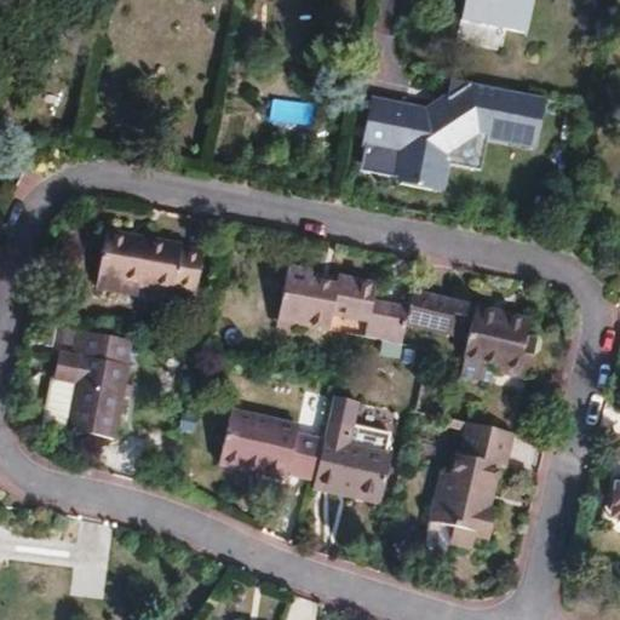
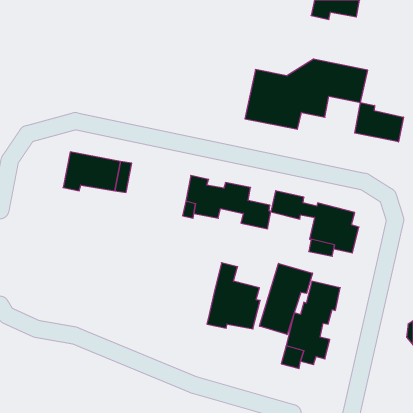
building: none -> [355,103,403,142]
building: [45,327,132,437] -> none
building: none -> [260,263,312,335]
building: [219,403,322,472] -> none

